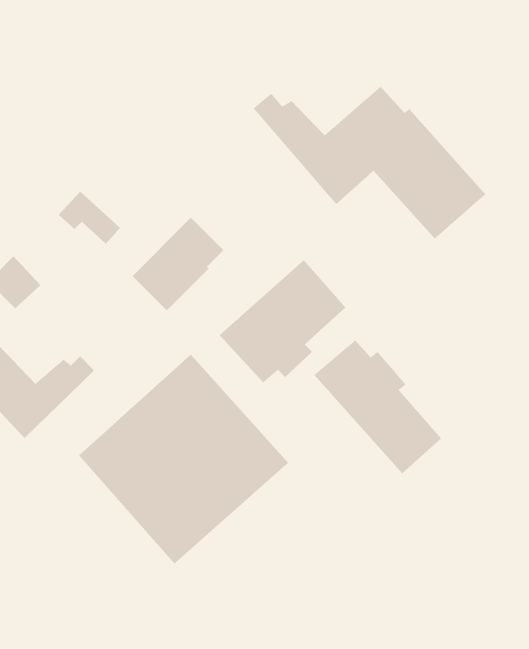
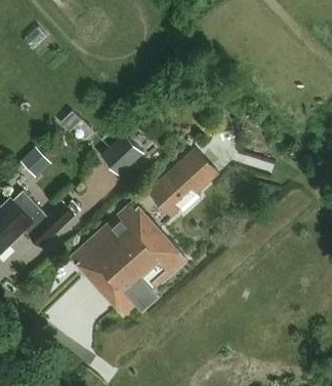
building: [253,86,486,239] -> none
building: [313,339,442,474] -> none

